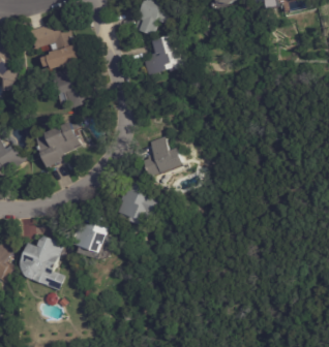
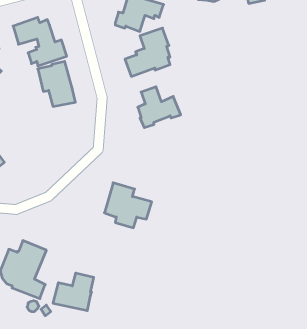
building: [33,120,82,166] -> none
building: [144,137,185,177] -> [138,87,181,128]
building: [70,216,110,252] -> [53,273,94,311]

